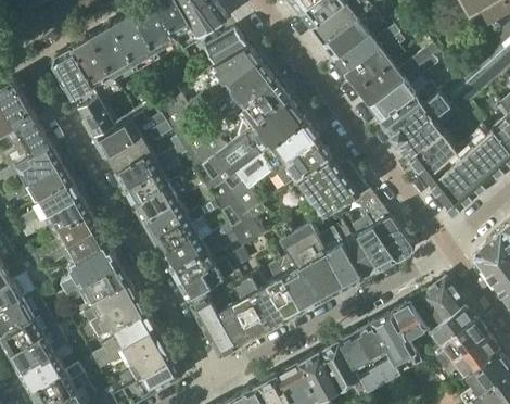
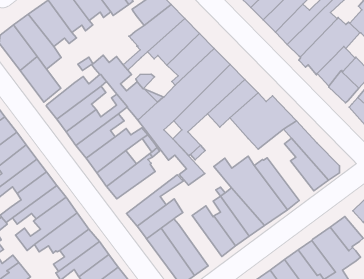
building: [333,224,380,280] -> none
building: [163,227,232,272] -> none
building: [227,282,270,340] -> none

